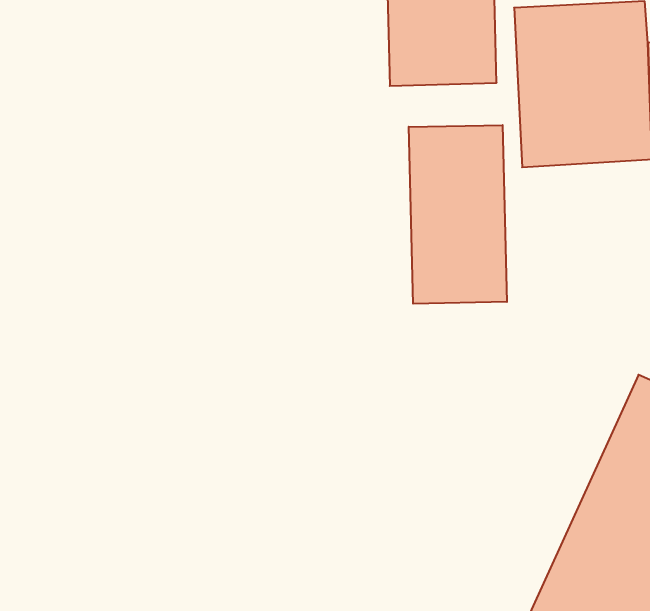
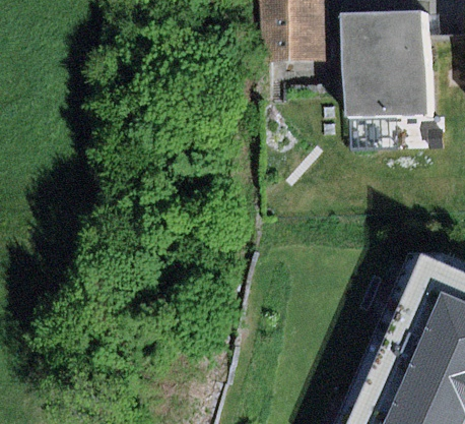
building: [409,125,507,304] -> none

